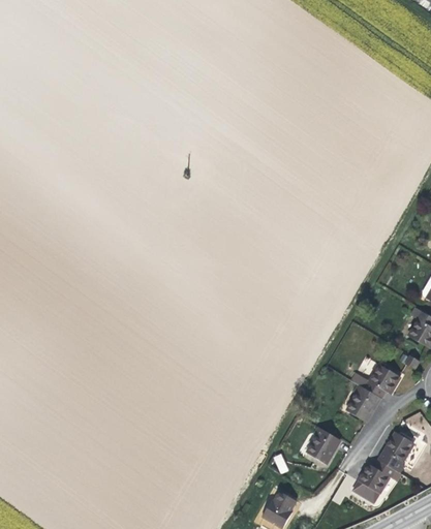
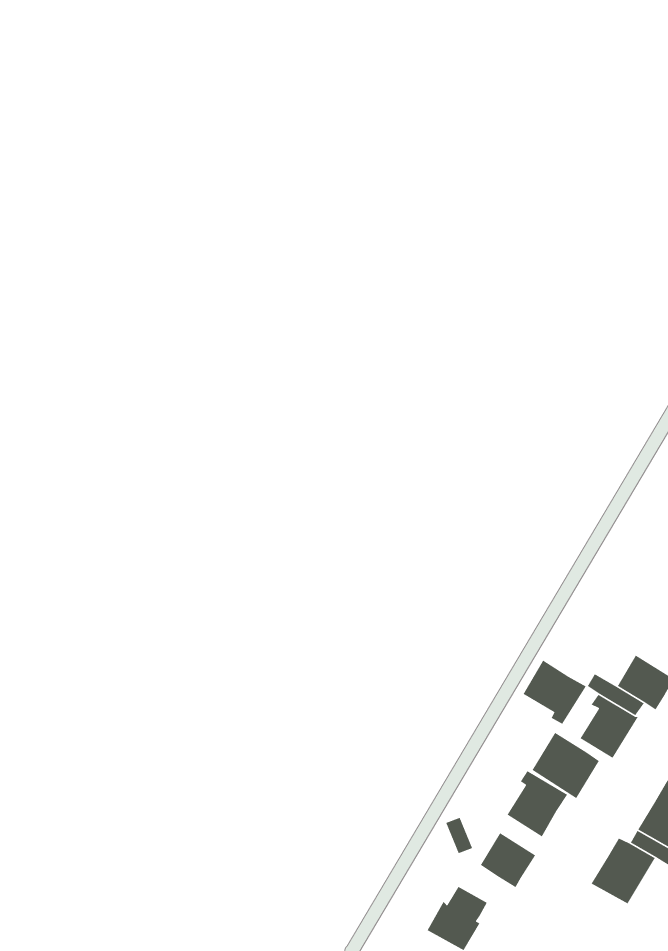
building: none -> [523,659,587,725]
building: none -> [531,732,600,799]
building: none -> [480,832,536,888]

